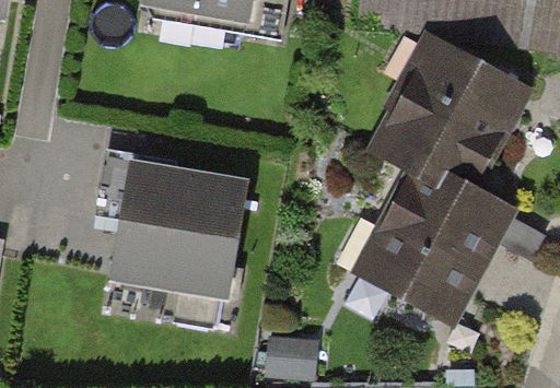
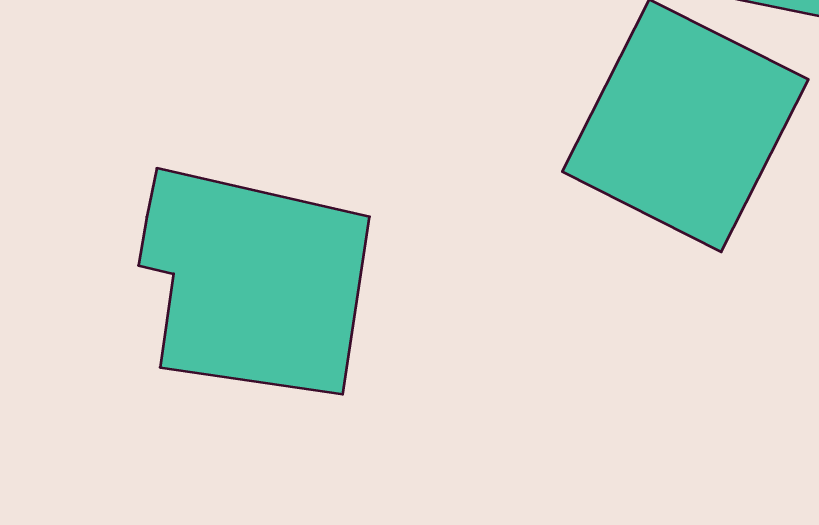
building: [347,168,508,333] -> none

